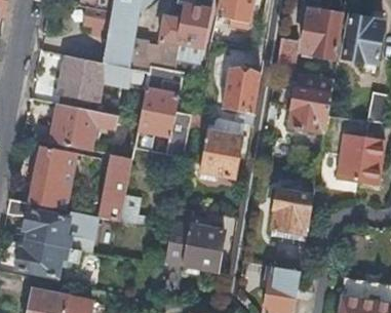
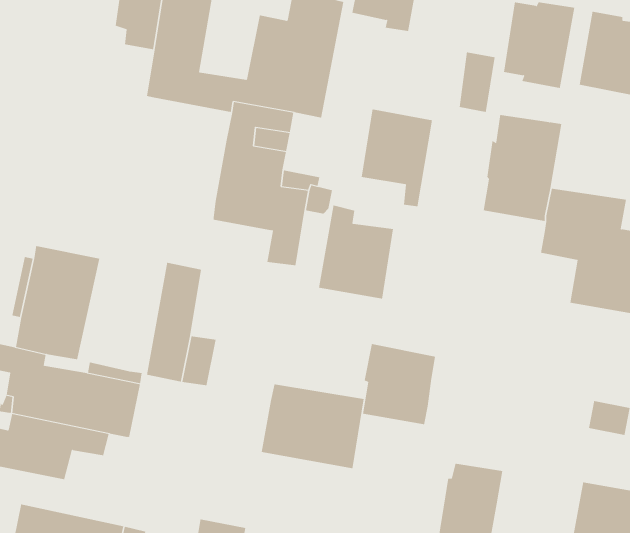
building: [60,55,106,101] -> none
building: [51,105,119,151] -> none
building: [271,189,312,234] -> [362,344,436,425]

